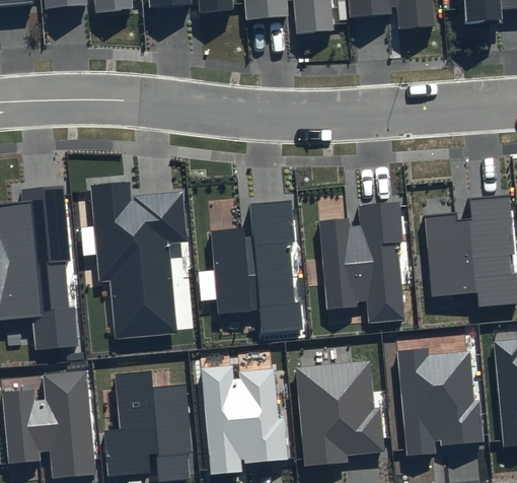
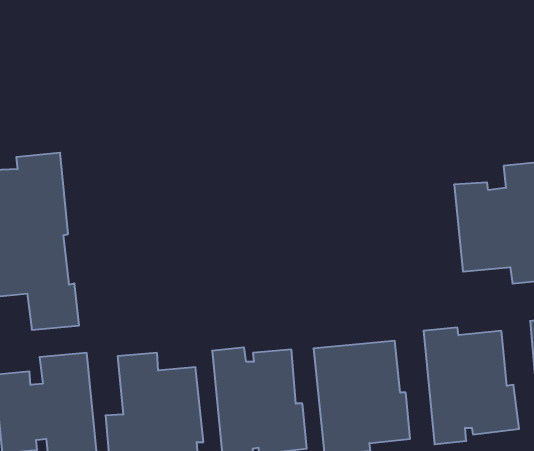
building: [90,181,189,339] -> none
building: [212,200,303,332] -> none
building: [318,201,403,323] -> none

